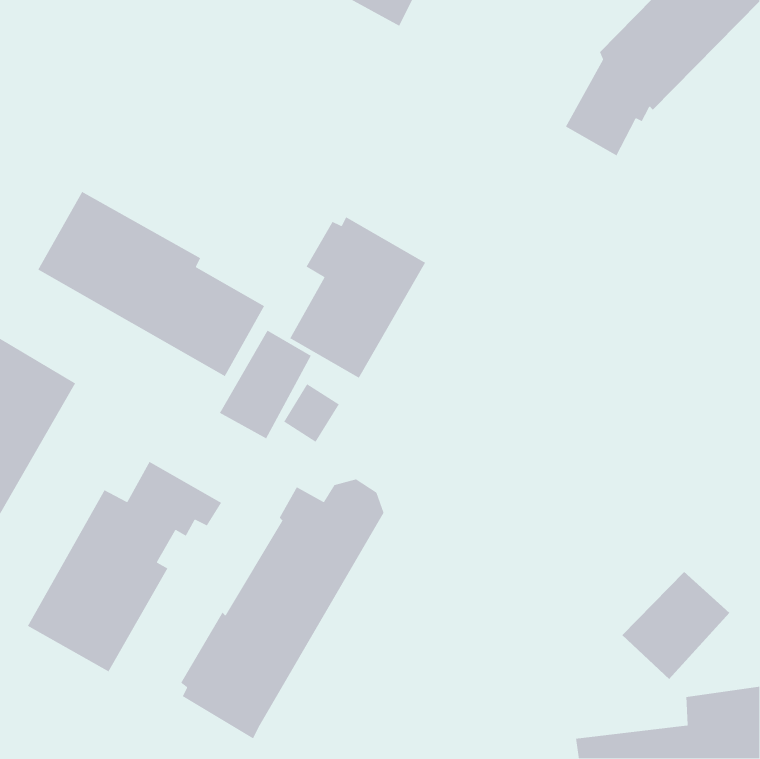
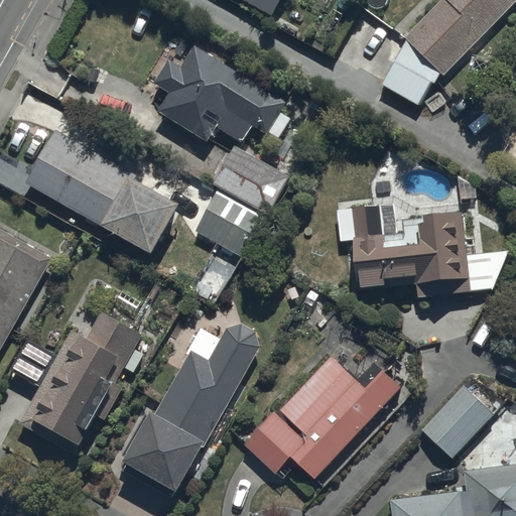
building: none -> [153,46,290,145]
building: none -> [338,198,508,297]
building: [219,330,312,439] -> none
building: none -> [243,357,399,480]

